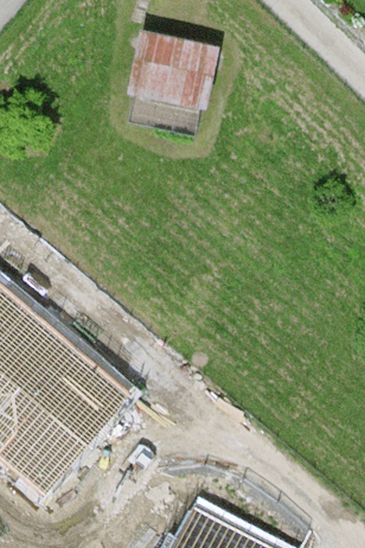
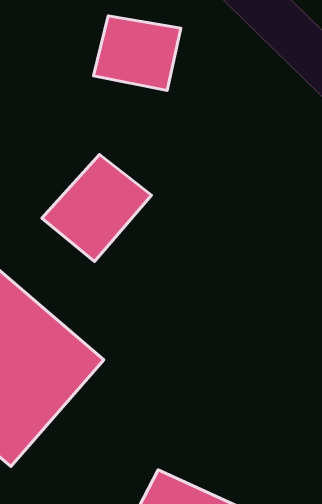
building: none -> [42,155,151,261]

